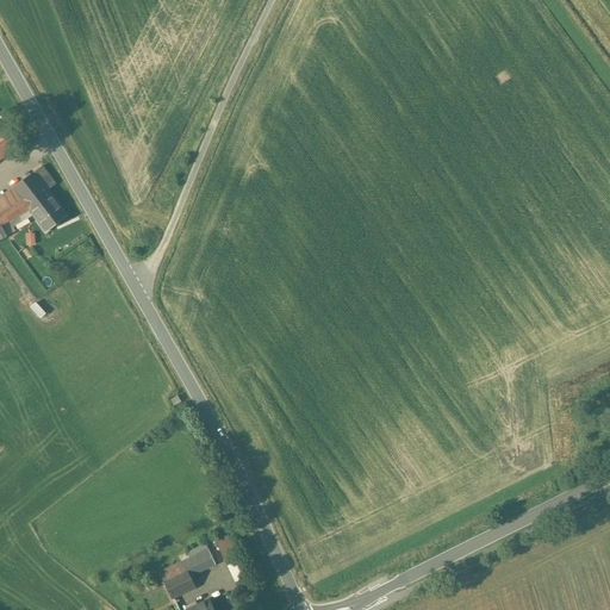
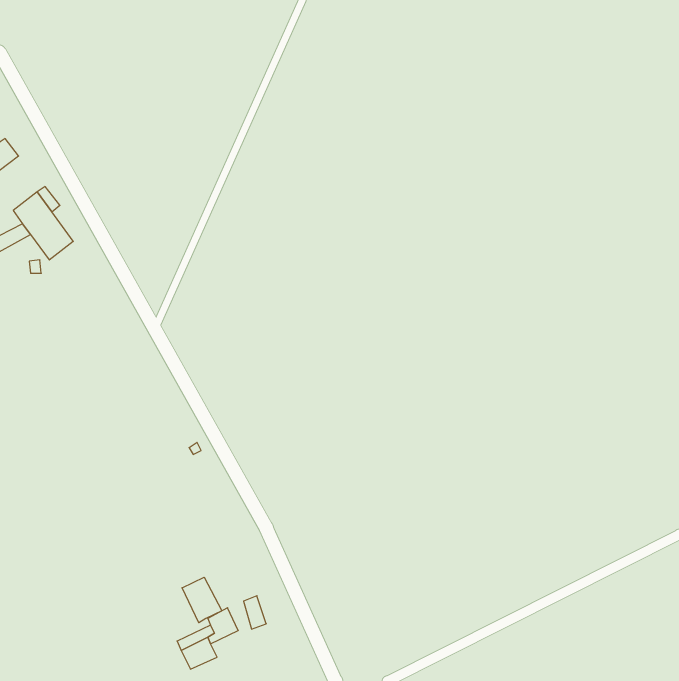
building: none -> [182,577,222,623]

